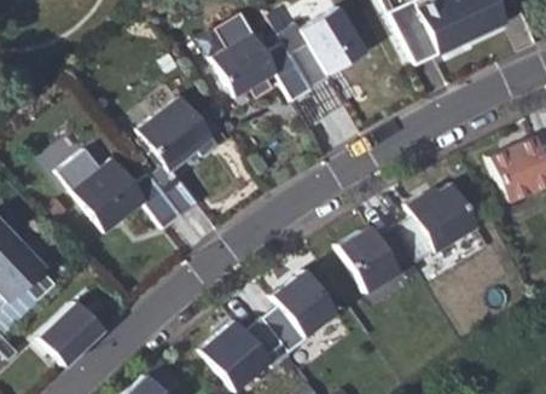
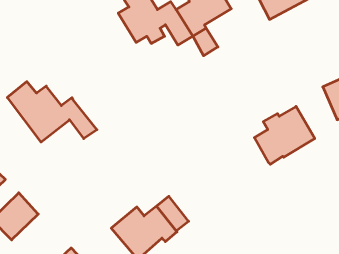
building: [139,95,220,215] -> none
building: [338,225,417,294] -> none
building: [273,270,336,340] -> none

